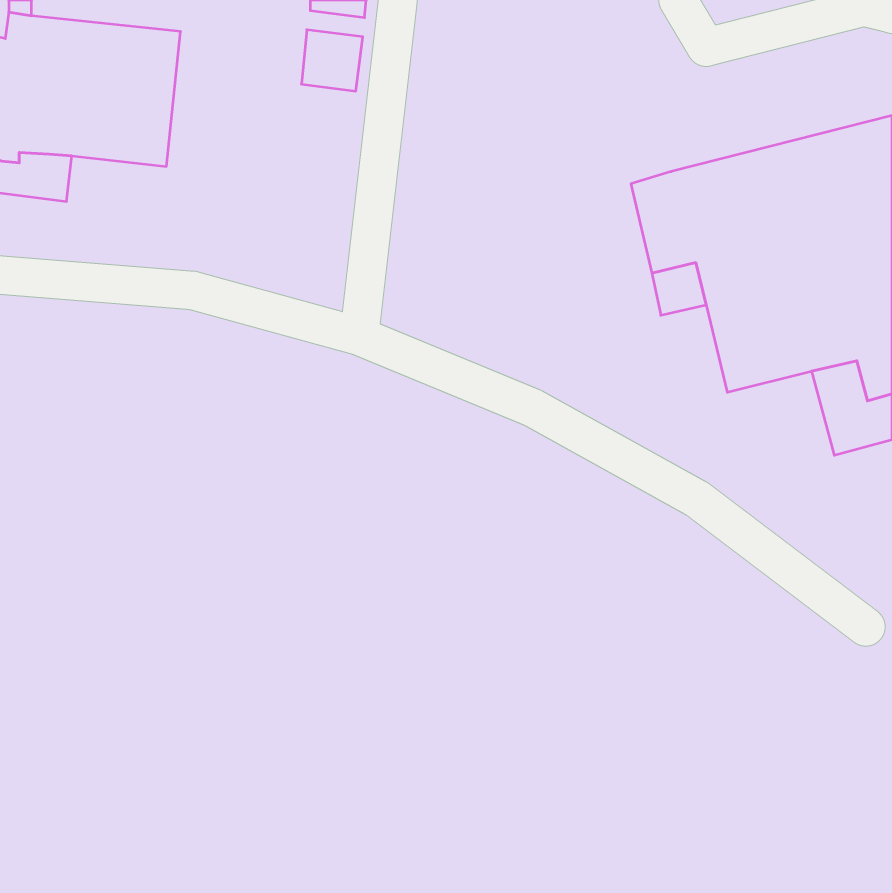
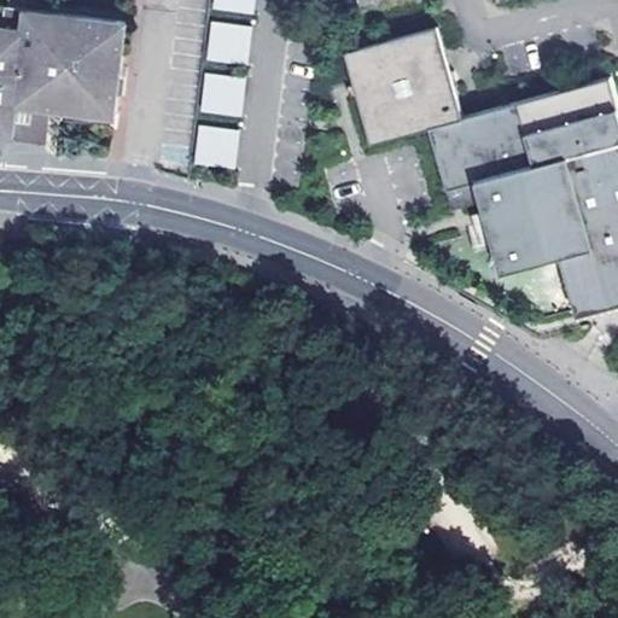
building: none -> [344,28,462,145]
building: none -> [200,72,244,116]
building: none -> [194,124,237,168]

